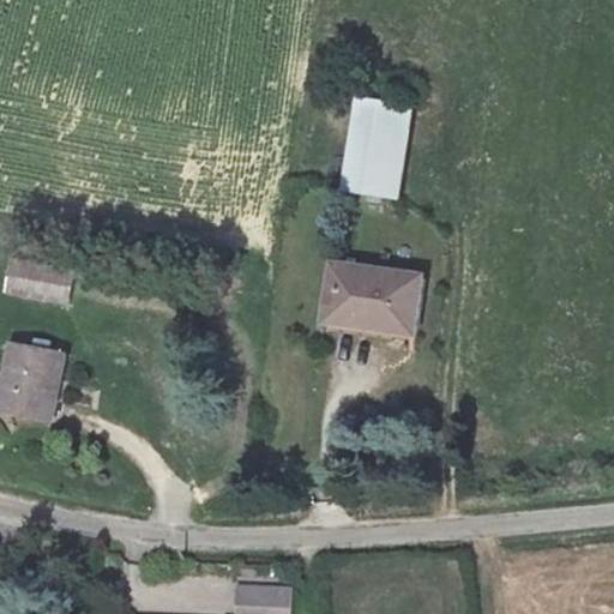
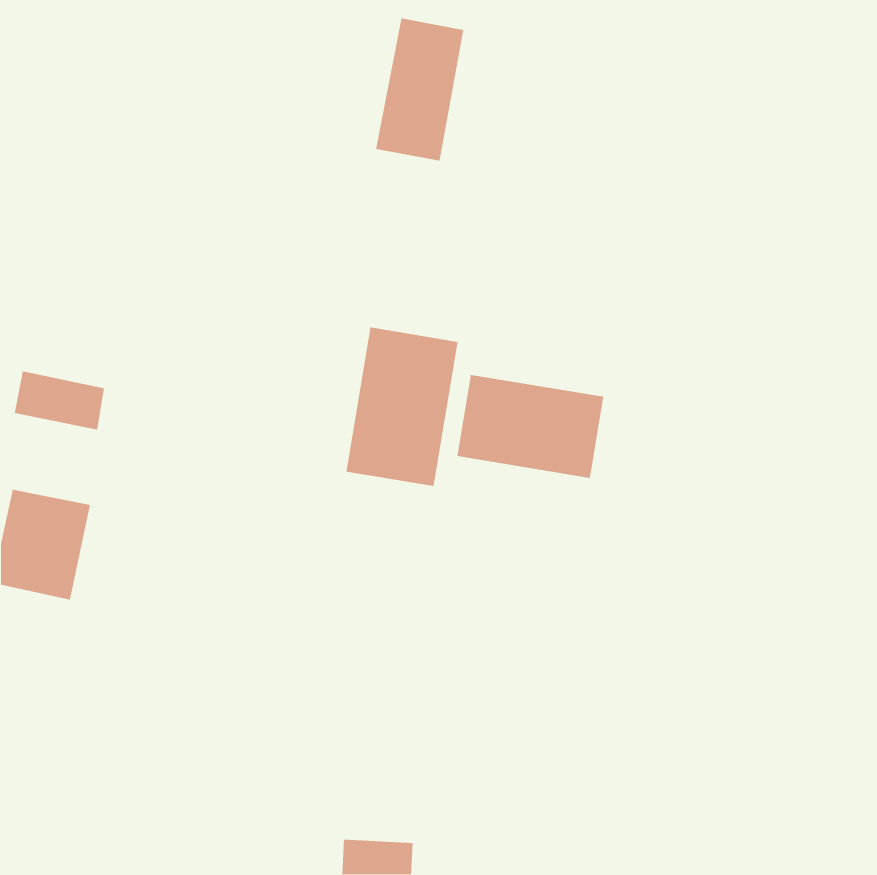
building: [344,92,407,193] -> [375,18,464,162]
building: none -> [345,327,459,487]

